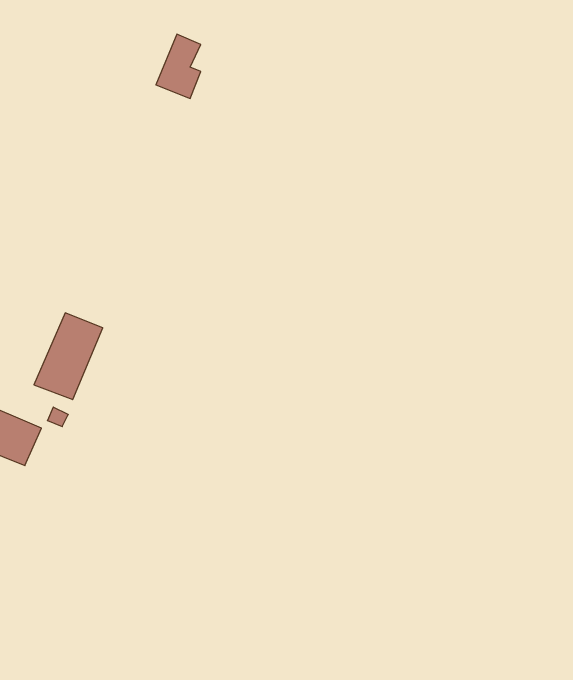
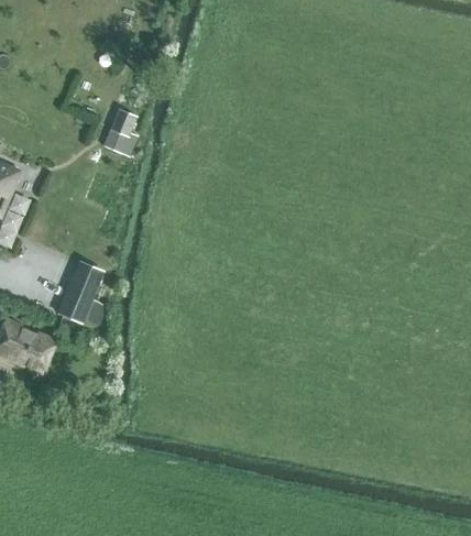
building: [156,34,201,98] -> [103,108,136,155]

